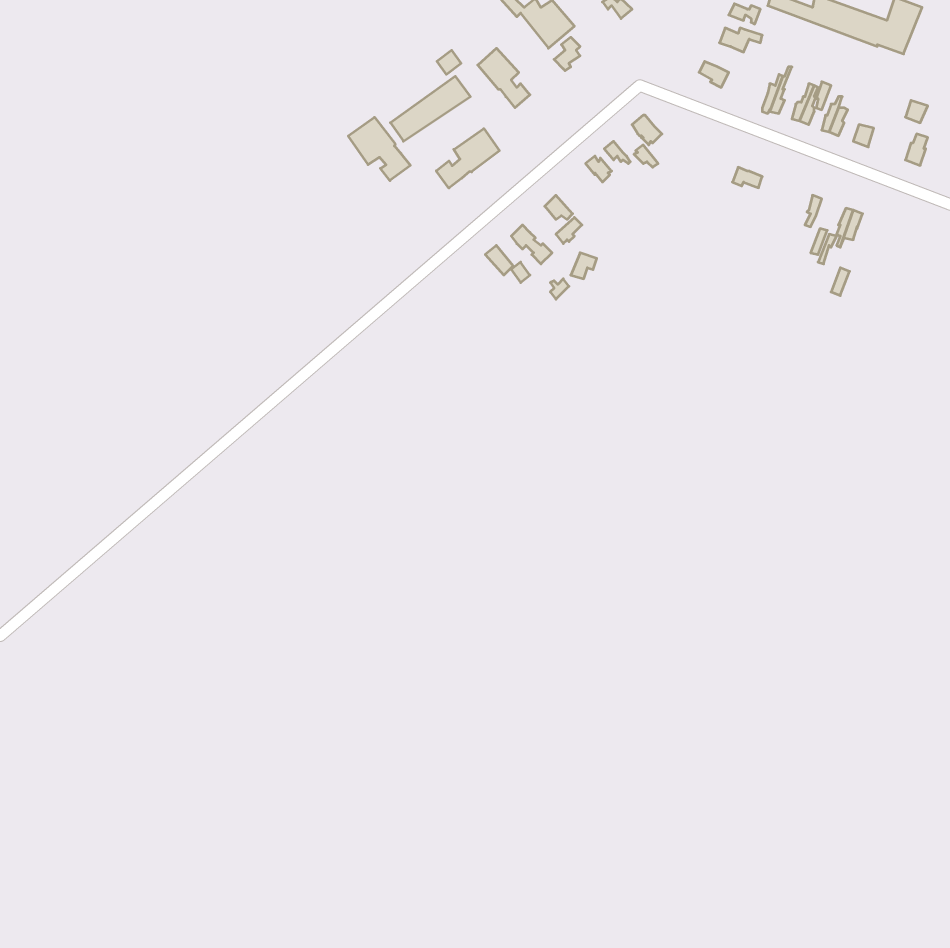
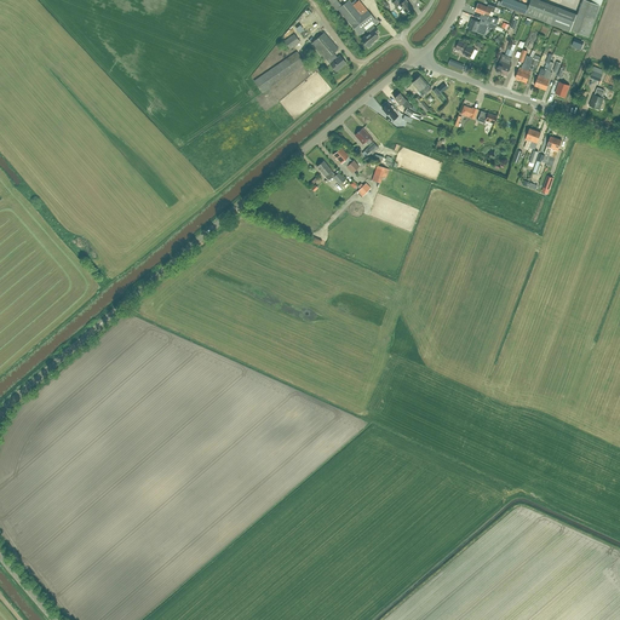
building: [348,117,410,181] -> none
building: [436,129,499,188] -> none

